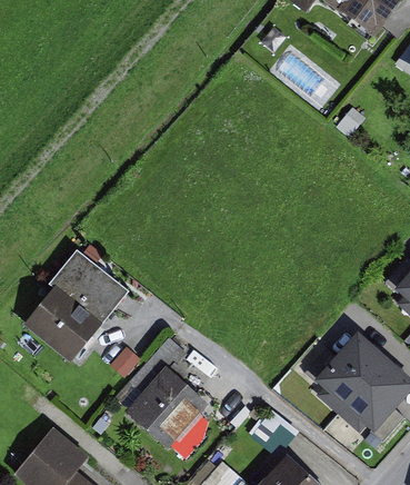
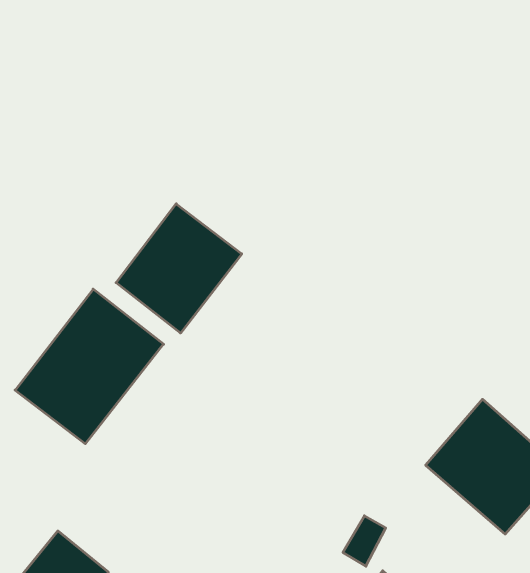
building: none -> [116,204,242,333]
building: [124,366,208,449] -> none

